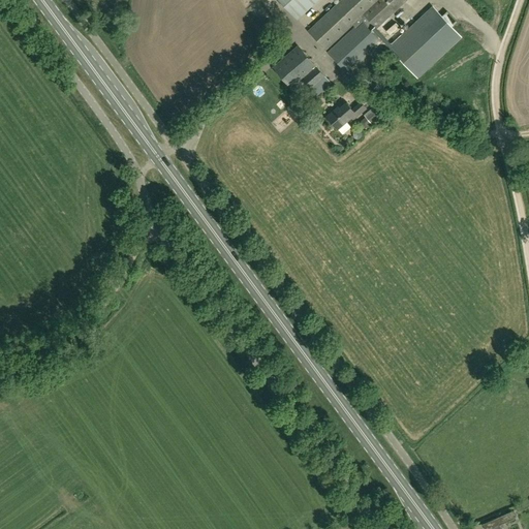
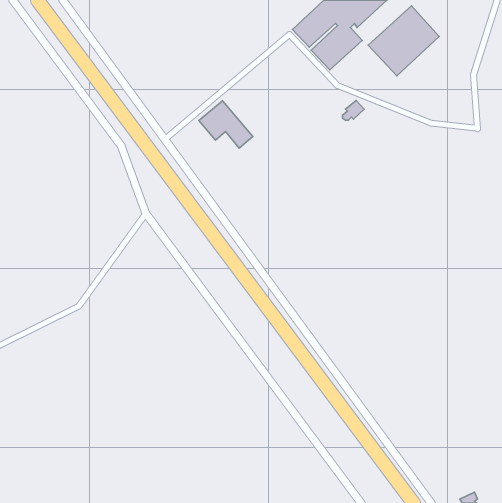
building: [273,46,330,96] -> [199,101,253,148]
building: [326,103,365,129] -> none

